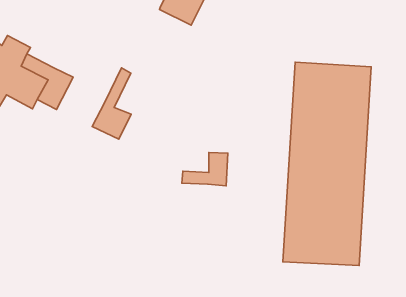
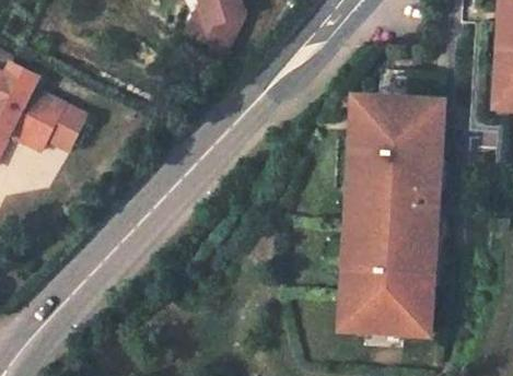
building: [92,68,131,139] -> none
building: [182,152,228,186] -> none

